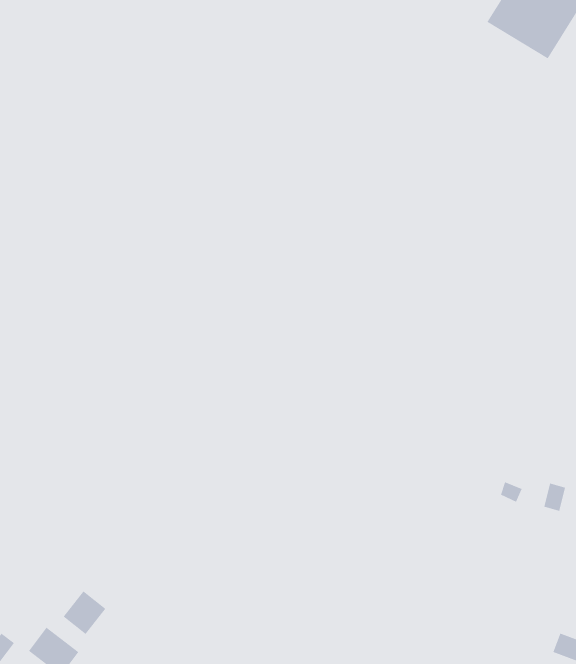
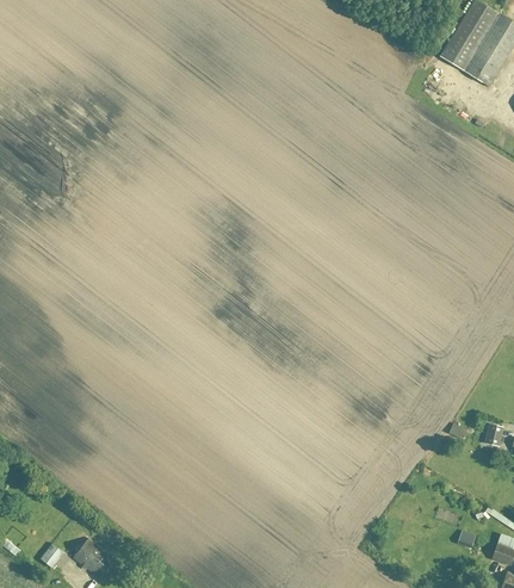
building: [63,590,106,635] -> none

